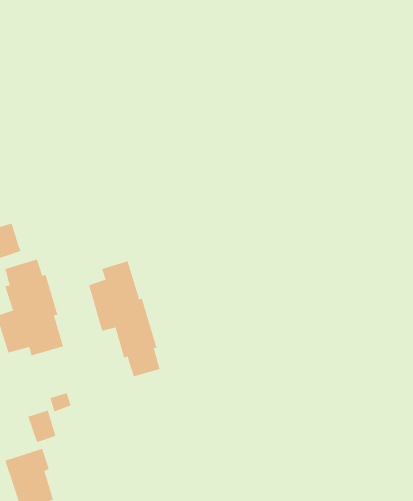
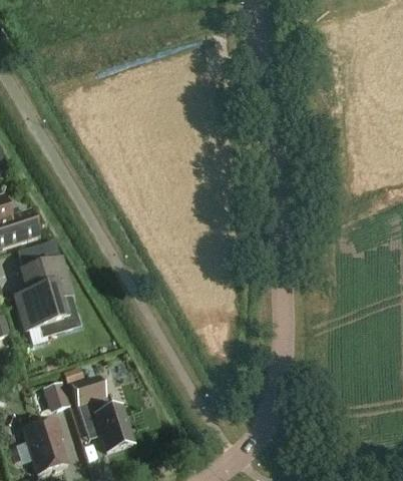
building: [89,261,160,377] -> none
building: none -> [72,378,132,451]

